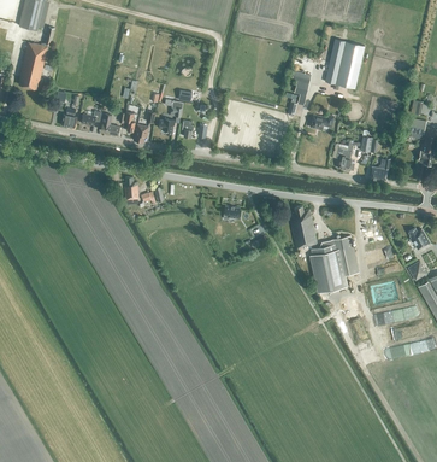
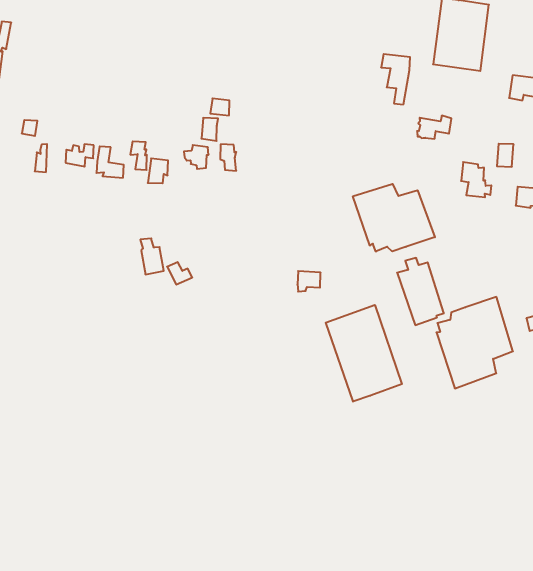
building: none -> [353,184,435,252]
building: none -> [326,305,402,402]

